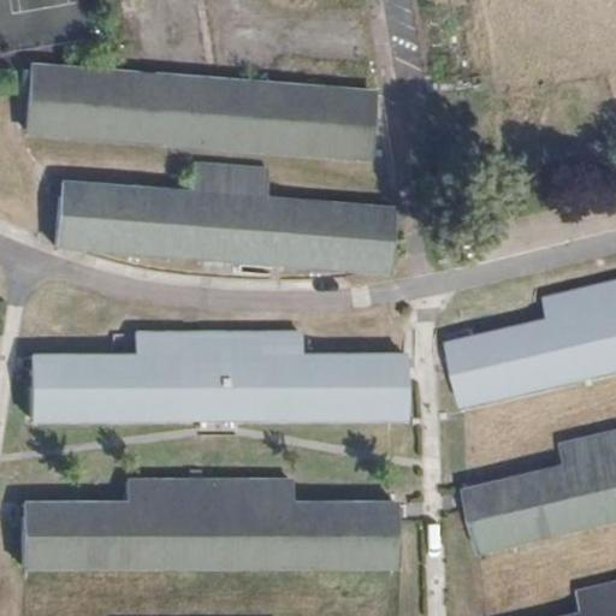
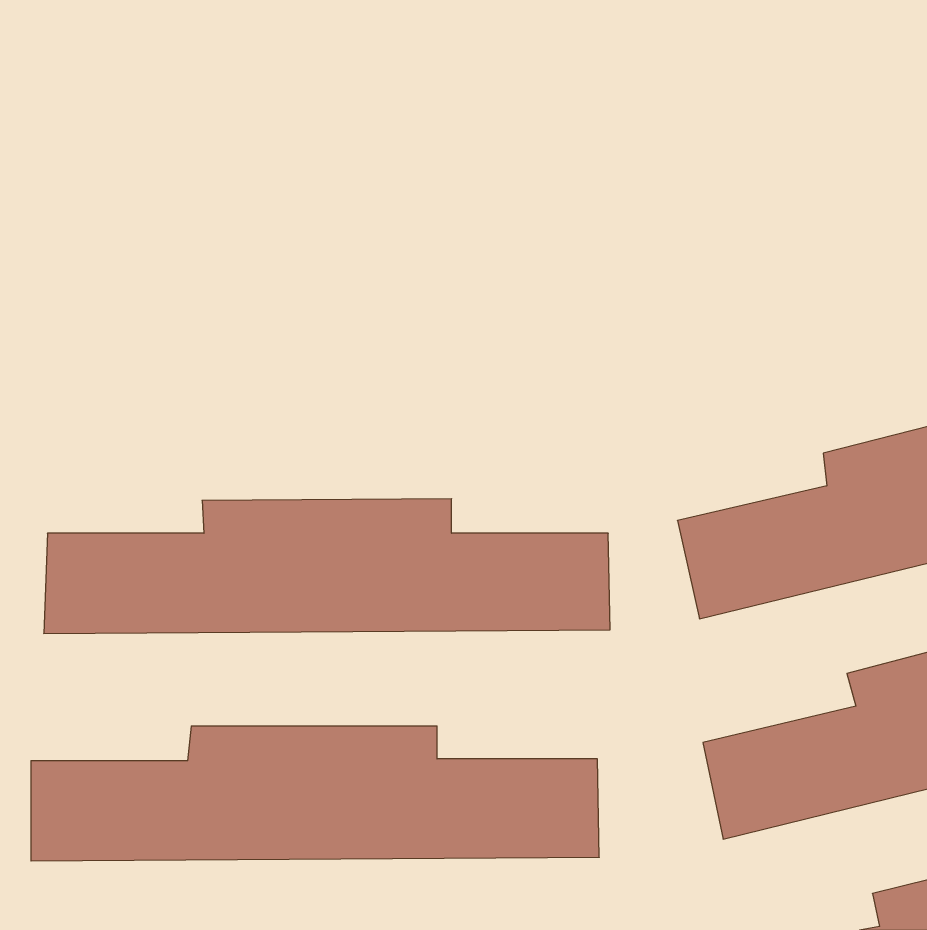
building: [26,66,375,156] -> none
building: [57,165,395,273] -> none

